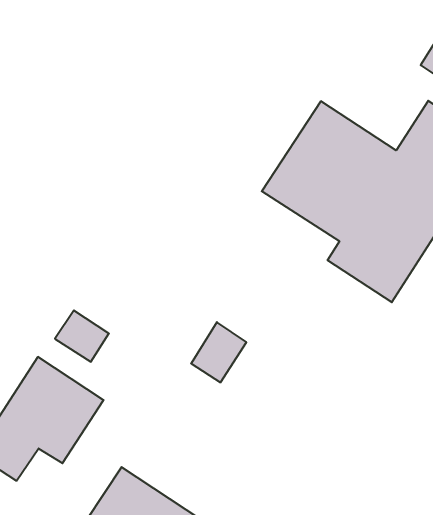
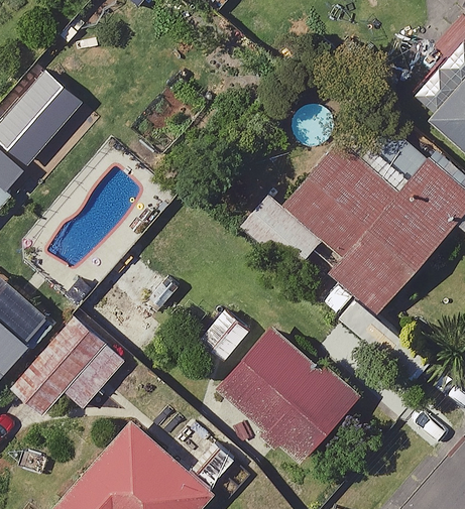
building: none -> [218,326,364,465]

